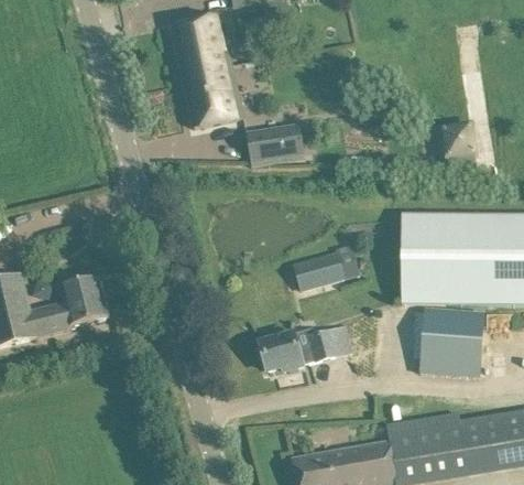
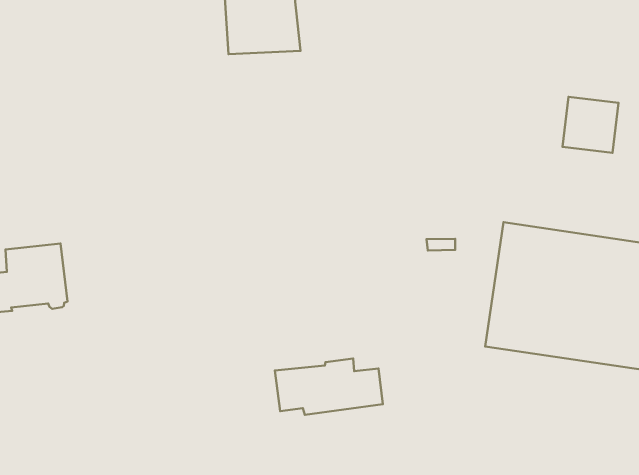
building: [247,125,305,161] -> none
building: [295,251,345,289] -> none
building: [421,309,484,376] -> none

